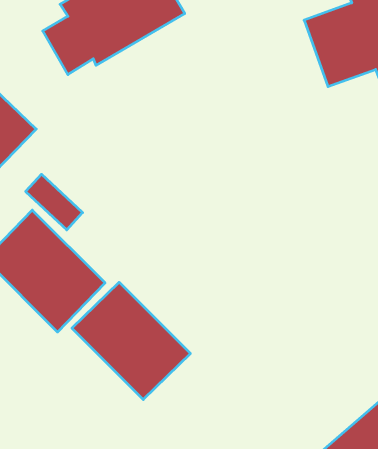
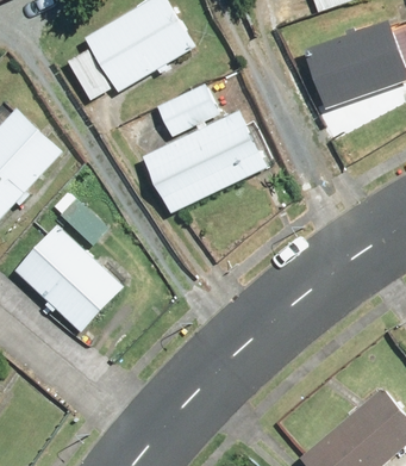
building: none -> [143,83,263,213]
building: [72,282,190,400] -> none

